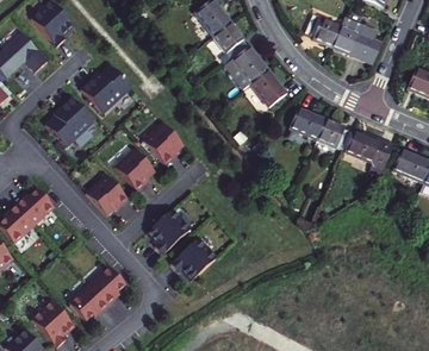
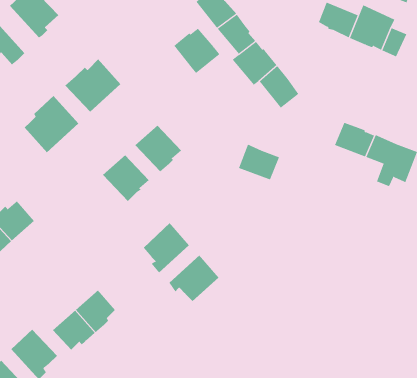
building: none -> [174,28,220,74]
building: [290,107,327,139] -> [238,144,280,180]
building: [85,174,126,213] -> none

